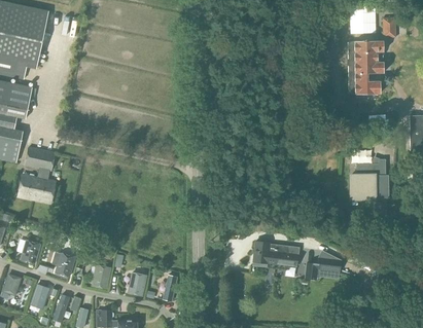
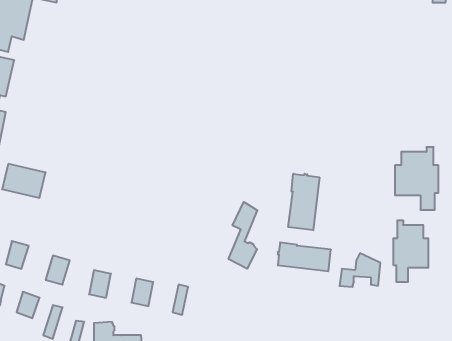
building: [354,41,383,95] -> none
building: [24,147,55,180] -> none
building: none -> [288,174,319,230]
building: none -> [229,202,257,269]
building: none -> [394,220,428,282]

